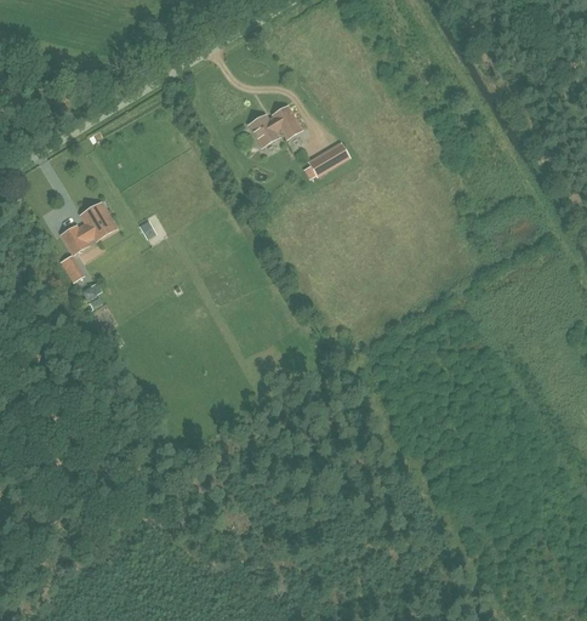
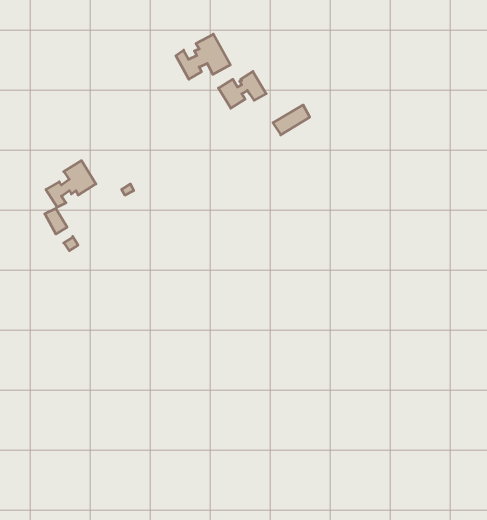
building: none -> [176,34,230,79]

